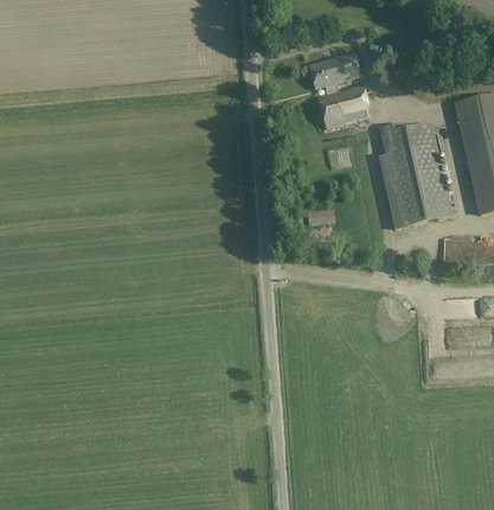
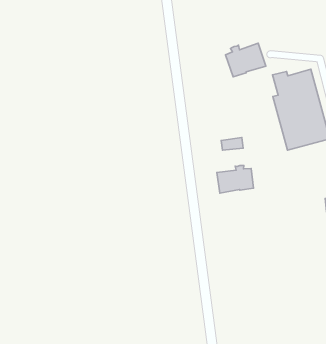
building: [310,52,361,89] -> none
building: none -> [217,165,254,193]

